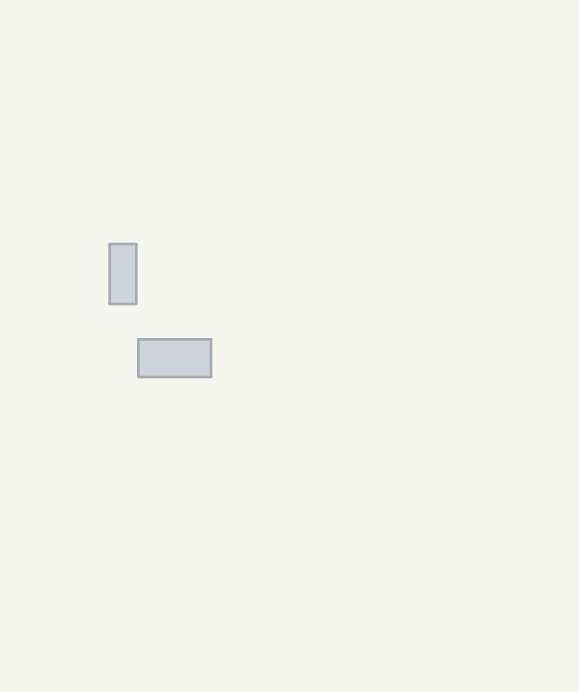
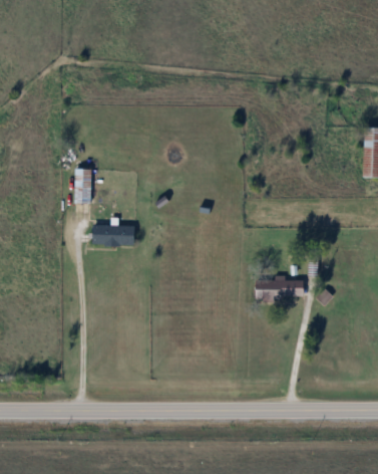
building: none -> [256,279,303,297]

